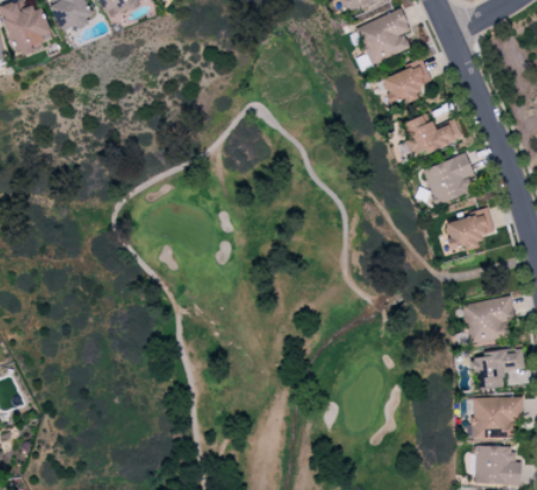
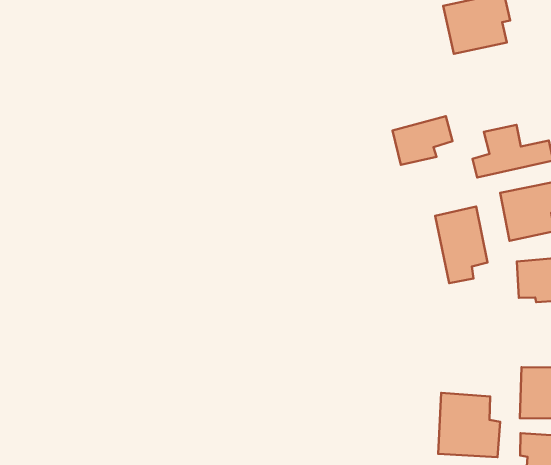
building: [383,62,431,106] -> [392,116,452,165]
building: none -> [435,206,488,283]
building: none -> [438,393,500,457]

